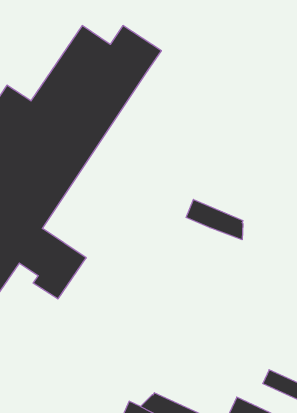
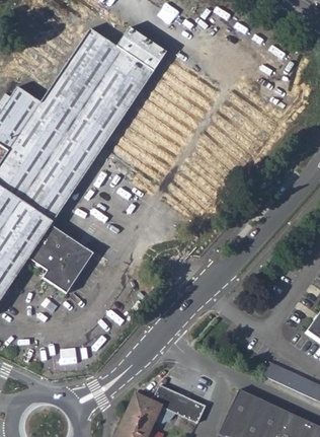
building: [186,199,243,240] -> none

